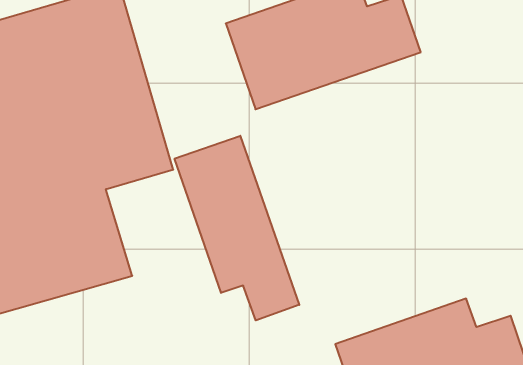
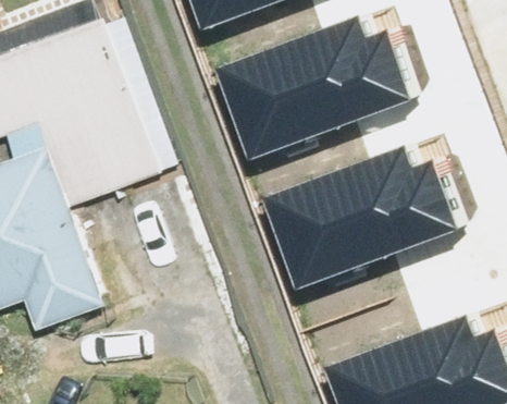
building: none -> [270,154,457,279]
building: [175,136,299,320] -> none

